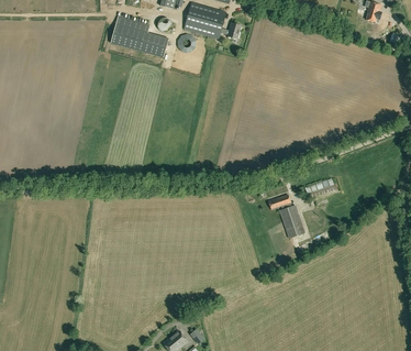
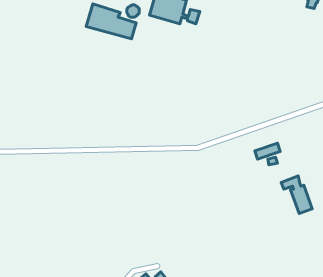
building: [268,194,304,238] -> [281,176,312,214]

